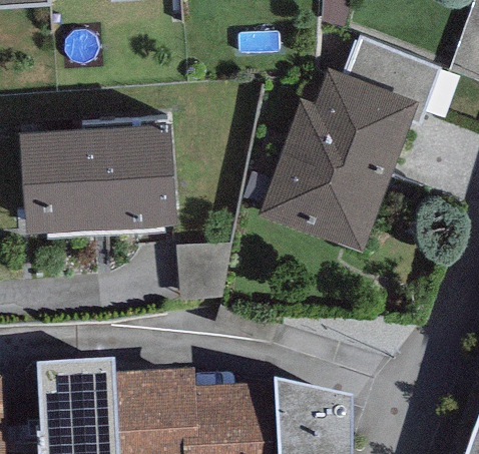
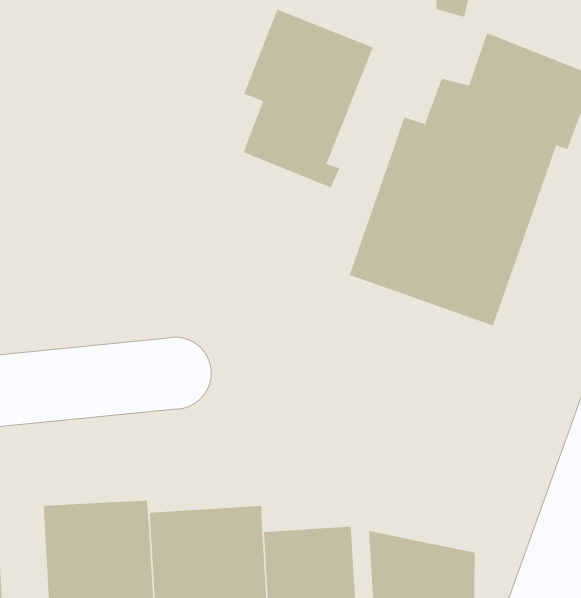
building: none -> [243,9,373,188]
building: [22,120,173,226] -> none

